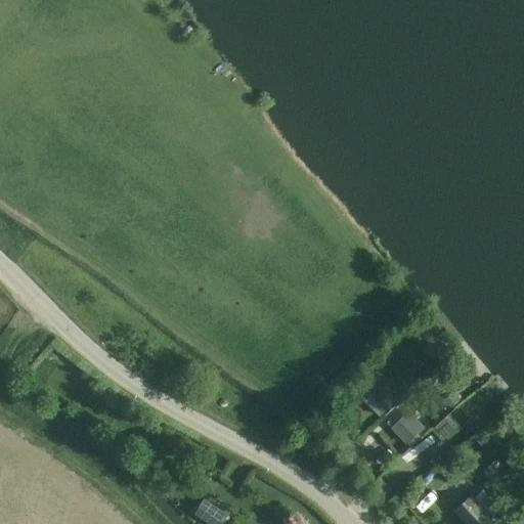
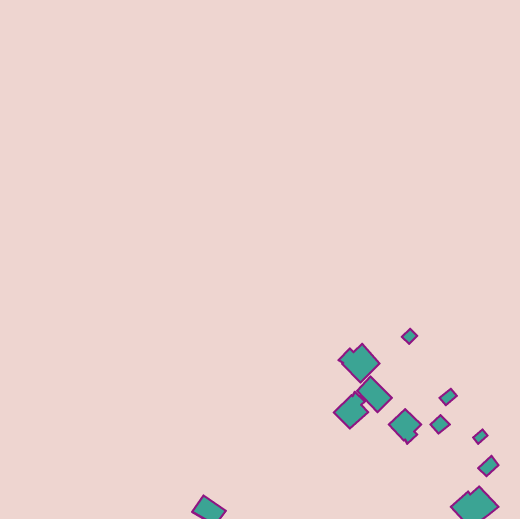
building: none -> [339,344,379,382]
building: none -> [334,392,368,428]

